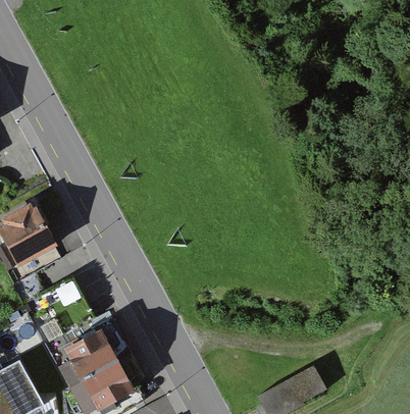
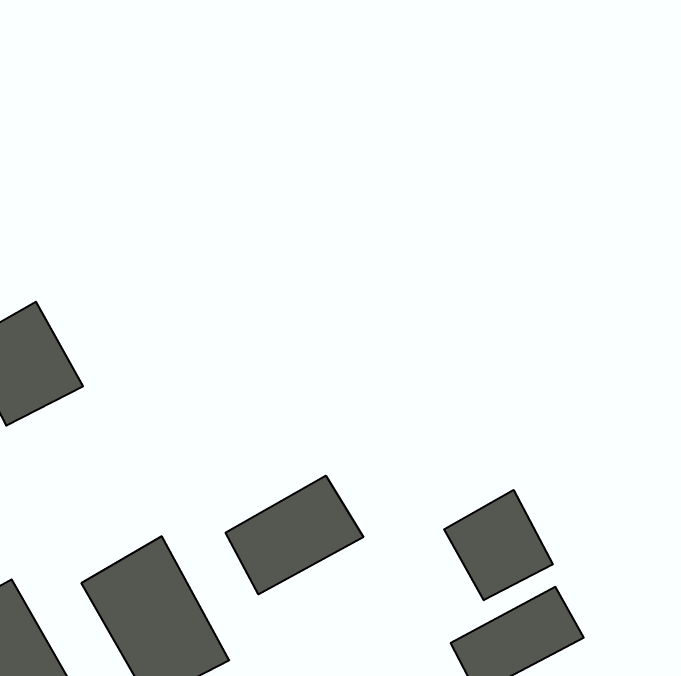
building: none -> [226,476,363,594]
building: none -> [444,490,553,600]

